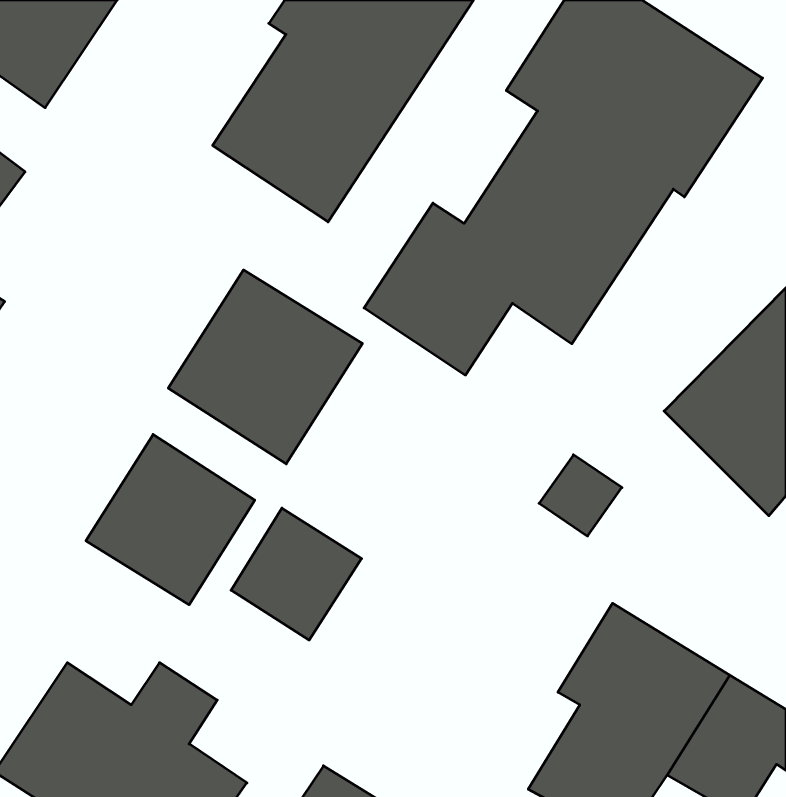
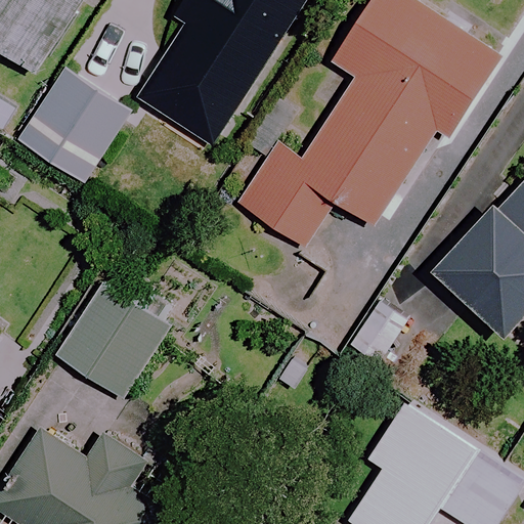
building: none -> [16,72,129,185]
building: [168,270,362,464] -> none
building: [231,508,362,640] -> none

